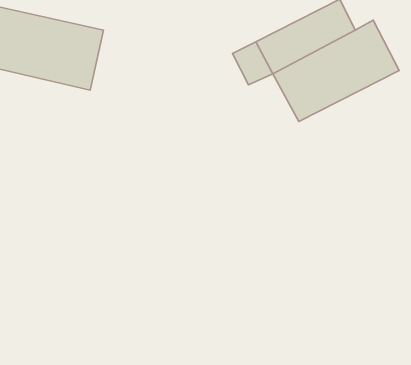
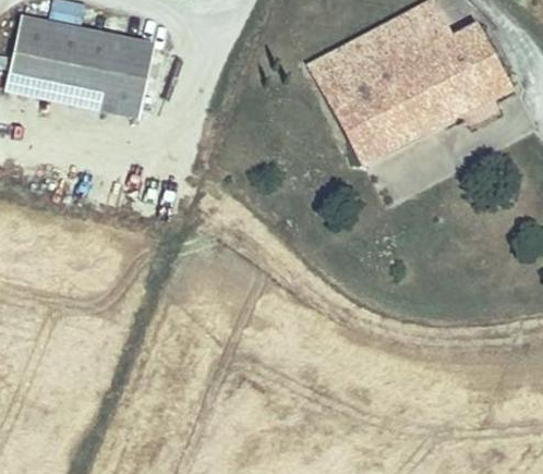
building: none -> [328,95,389,168]

